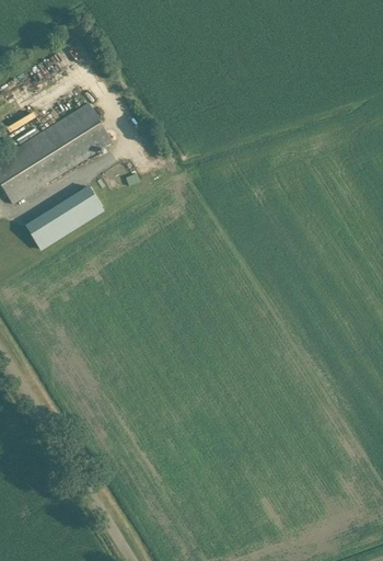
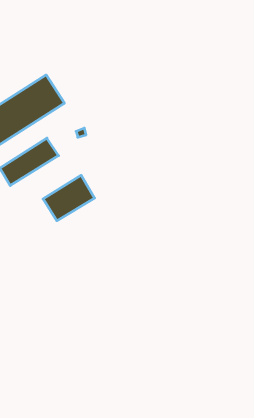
building: none -> [43,175,95,221]

